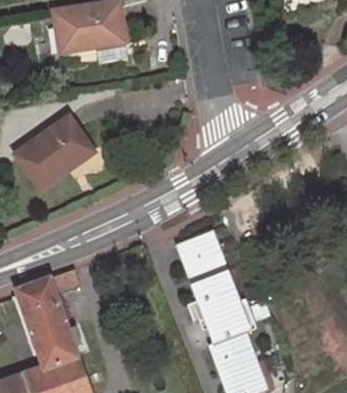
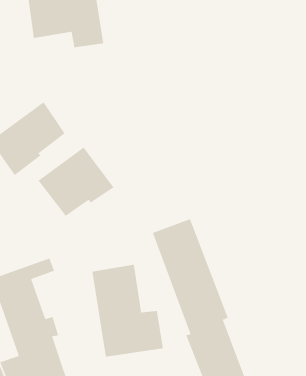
building: none -> [37,147,114,217]
building: none -> [92,264,164,358]

